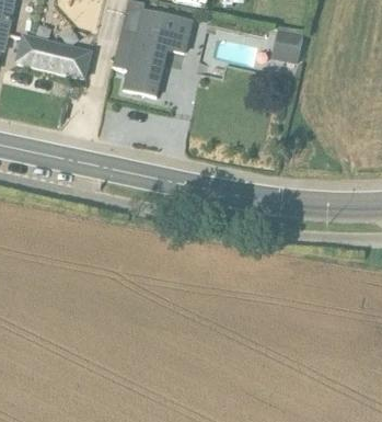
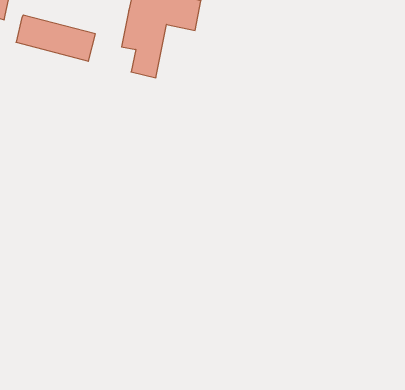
building: [271,27,304,64] -> none

